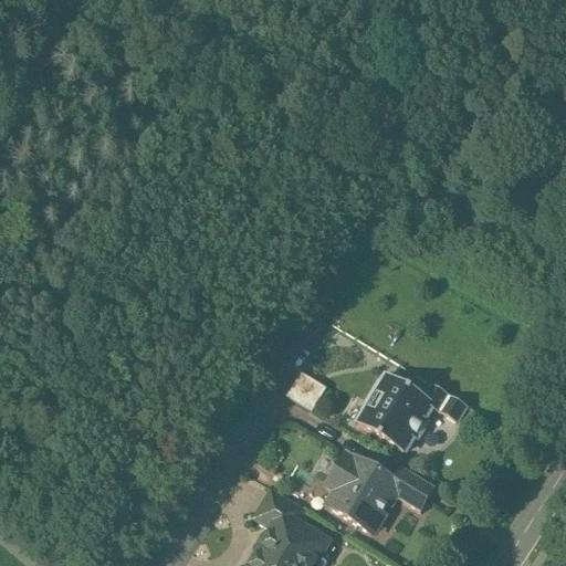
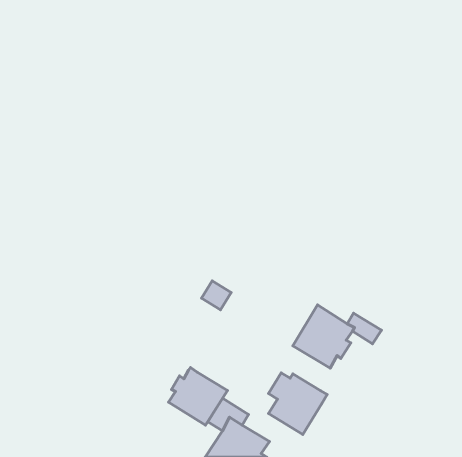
building: [287,373,324,408] -> [201,281,231,310]
building: none -> [169,367,227,425]
building: [392,464,434,510] -> none

